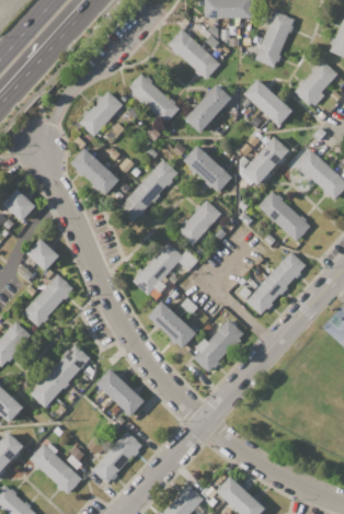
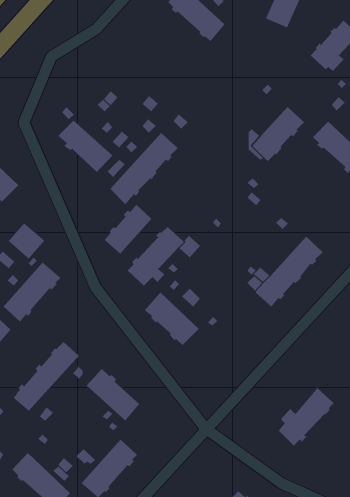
building: [126,72,180,125] -> none
building: [243,78,293,126] -> none
building: [184,83,232,134] -> none
building: [79,91,123,136] -> none
building: [183,145,231,192] -> none
building: [257,191,310,241] -> none
building: [177,199,220,244] -> [104,204,152,255]
building: [193,319,243,372] -> [278,387,335,447]

